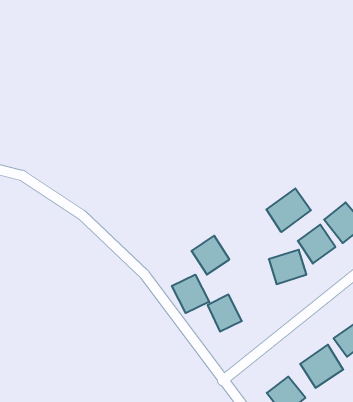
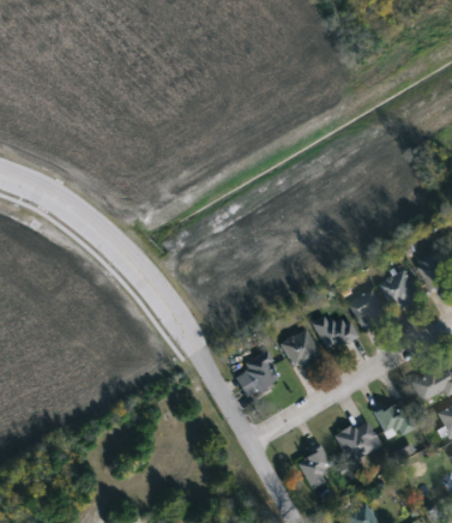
building: [266,188,311,232] -> none
building: [191,236,229,275] -> [278,330,318,371]
building: [172,275,209,313] -> none

